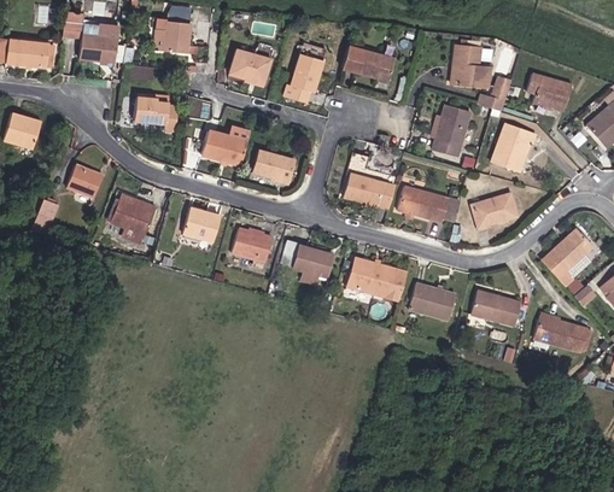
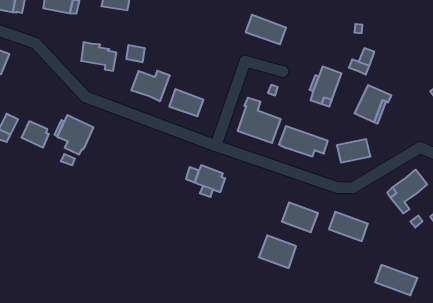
building: [285,42,327,104] -> none
building: [452,46,491,87] -> none
building: [229,49,271,81] -> none
building: [527,74,572,111] -> none
building: [66,165,101,198] -> [21,121,49,148]
building: [183,207,221,242] -> none
building: [232,228,273,262] -> none
building: [345,257,392,297] -> [259,235,296,268]
building: [533,315,587,351] -> [375,265,418,295]

